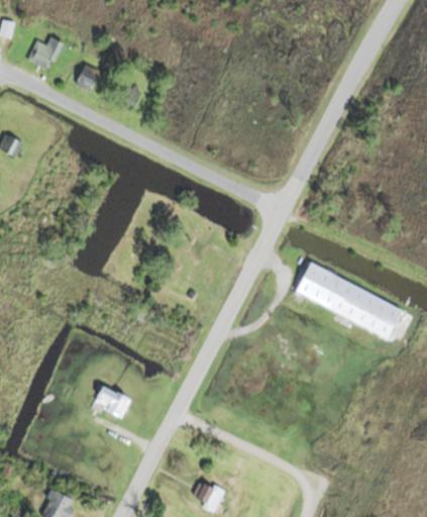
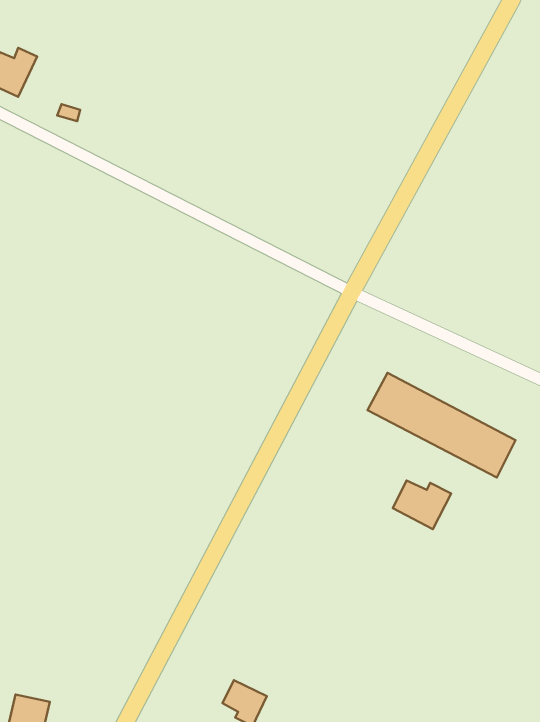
building: none -> [393,481,451,529]
building: [92,385,131,419] -> none

